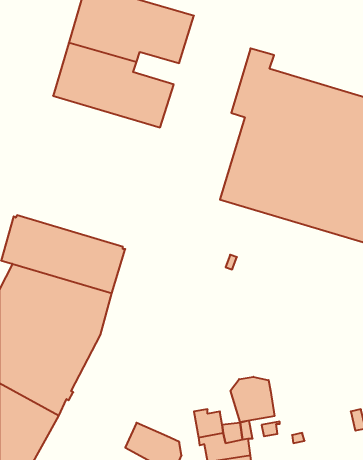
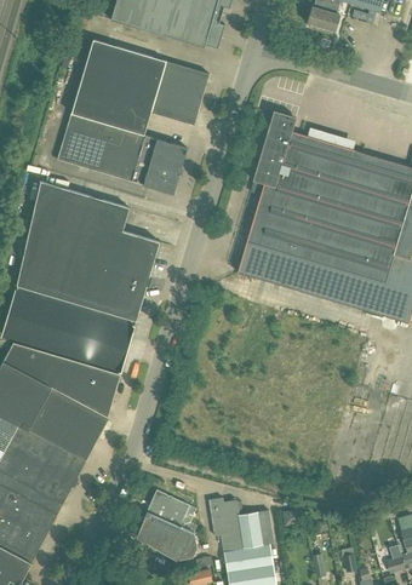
building: none -> [17,182,160,322]
building: [231,377,274,422] -> none
building: none -> [148,489,190,526]

